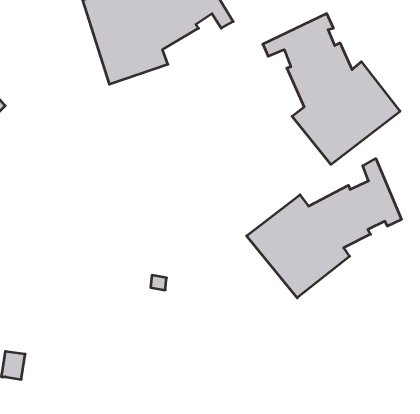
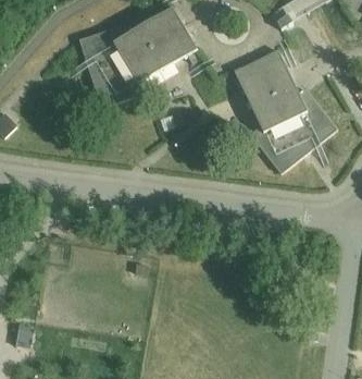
building: [247,159,401,298] -> none

